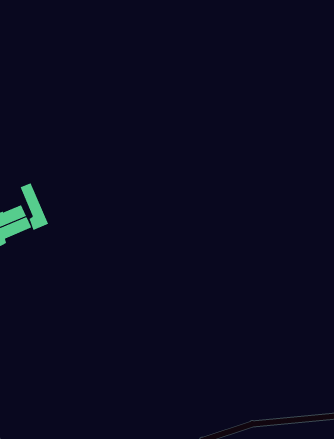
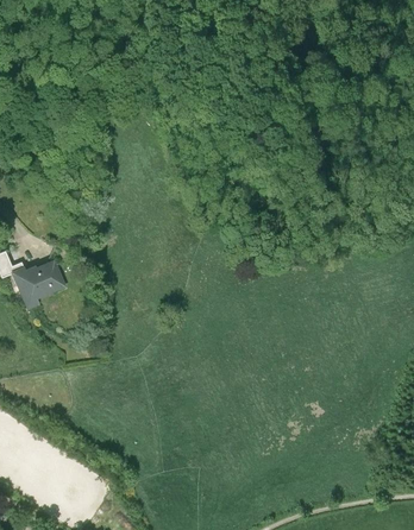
building: [20,183,49,231] -> none

